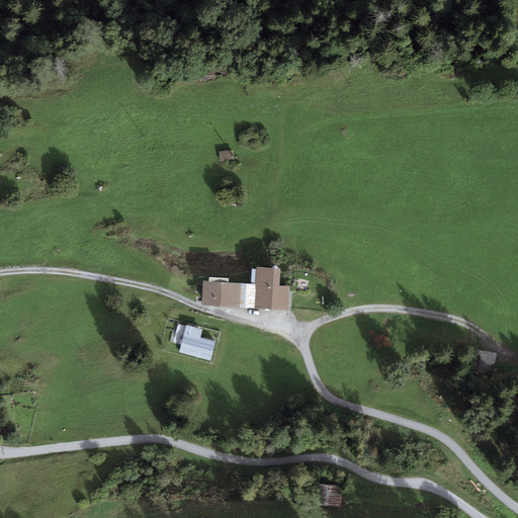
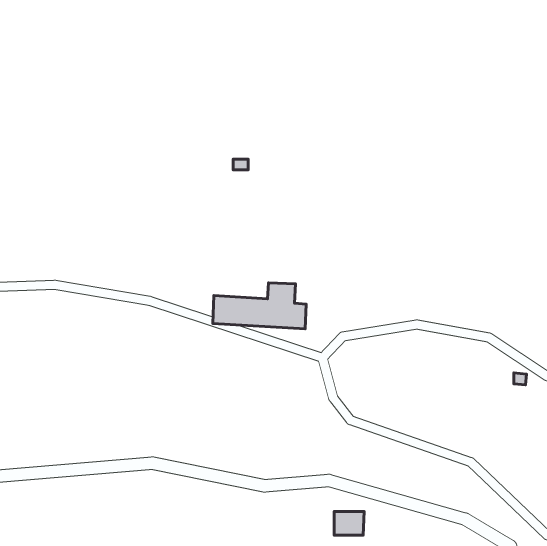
building: [180,332,214,358] -> none

